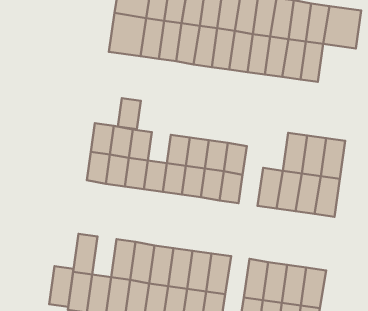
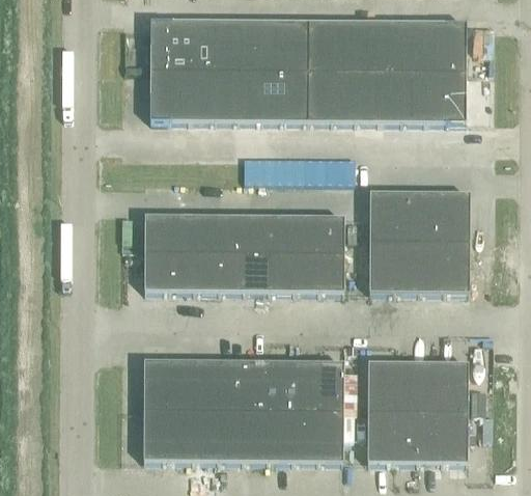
building: none -> [424,71,467,121]
building: [118,98,141,129] -> [220,215,245,252]
building: none -> [369,191,395,241]
building: [49,266,74,307] -> [169,359,194,409]

